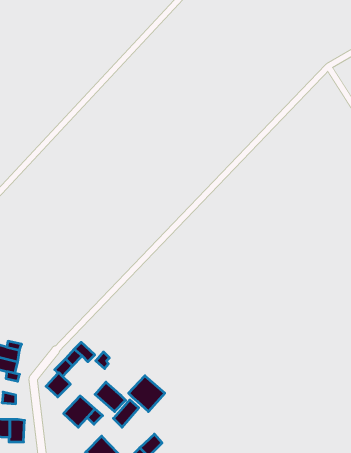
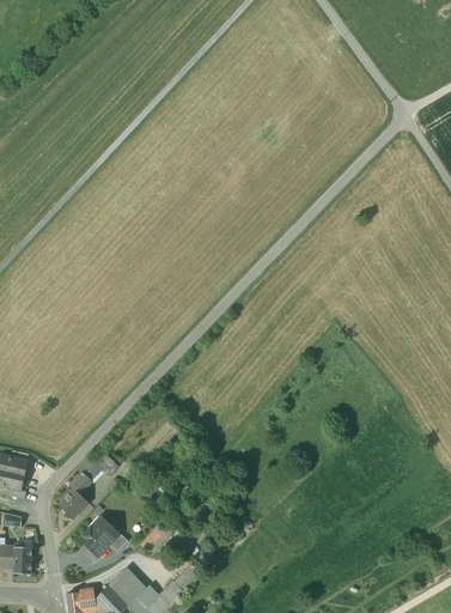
building: [129,376,165,412] -> none
building: [95,382,126,412] -> none

